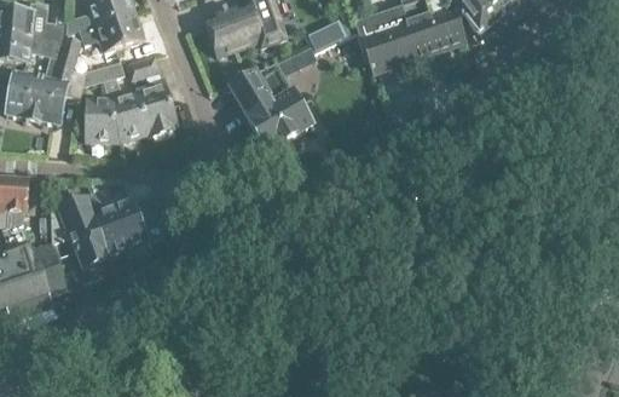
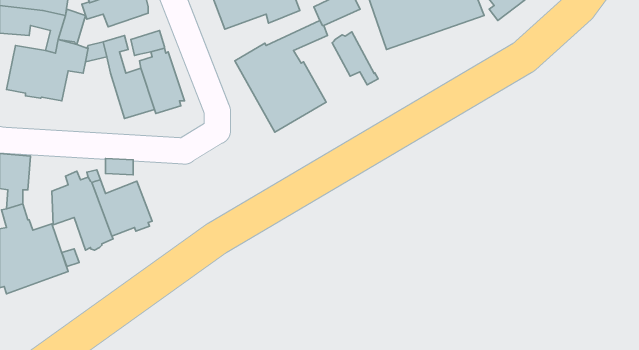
building: none -> [332,32,378,85]
building: [86,94,121,139] -> none

